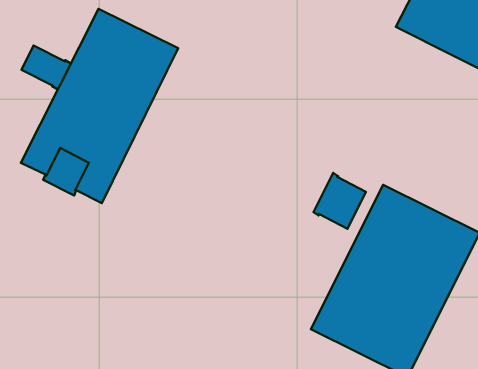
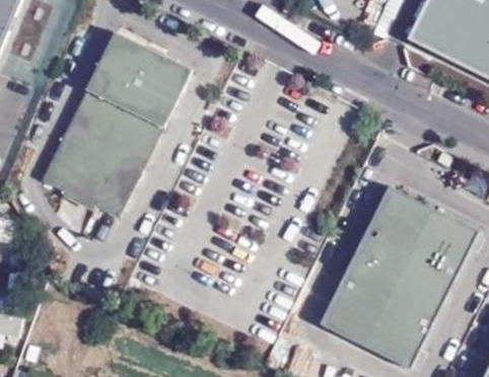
building: [21,45,71,90] -> none
building: [313,173,366,229] -> none

